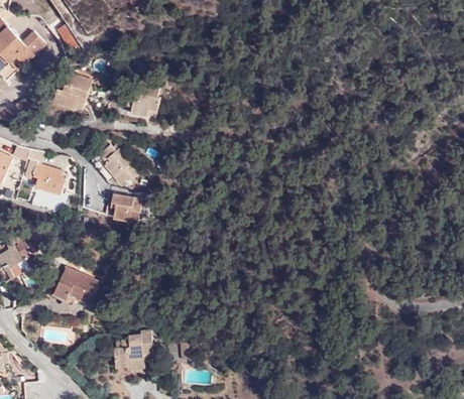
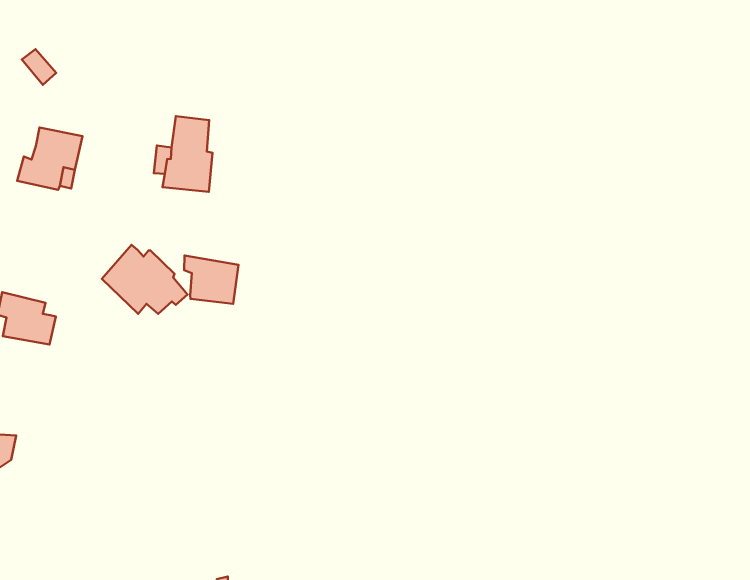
building: [113,193,143,223] -> [184,255,239,304]
building: [52,268,99,304] -> none

